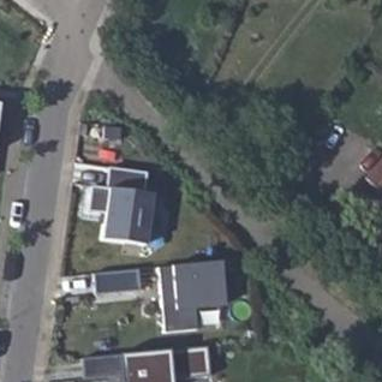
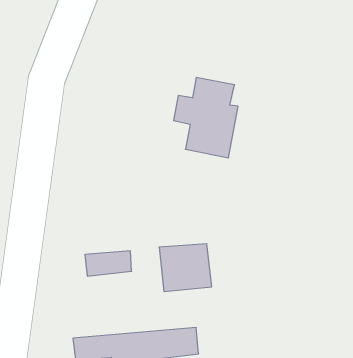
building: [89,169,154,250] -> [174,77,238,158]

